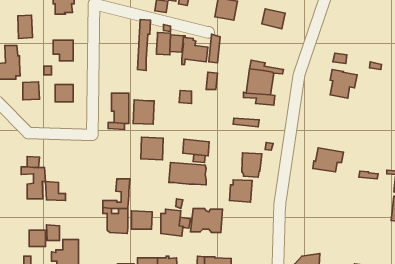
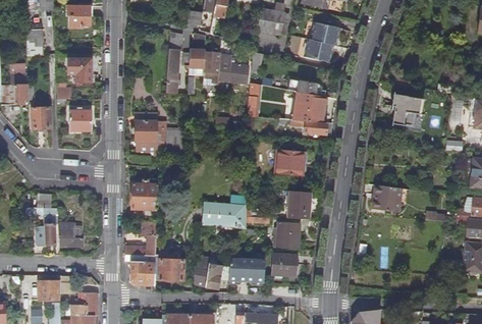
building: none -> [306,38,332,61]
building: [141,137,163,160] -> [131,183,158,210]
building: [183,139,209,156] -> [277,157,308,176]
building: none -> [272,254,297,275]

